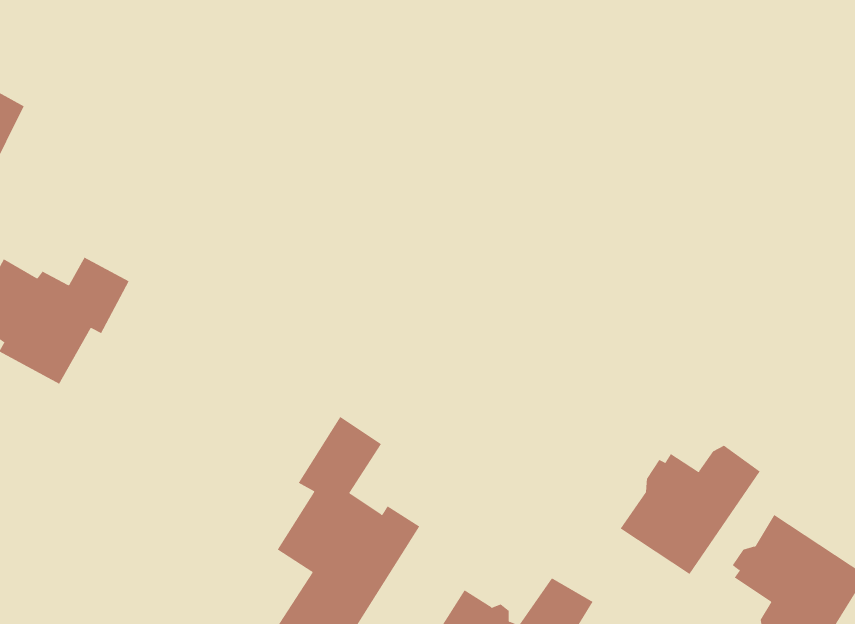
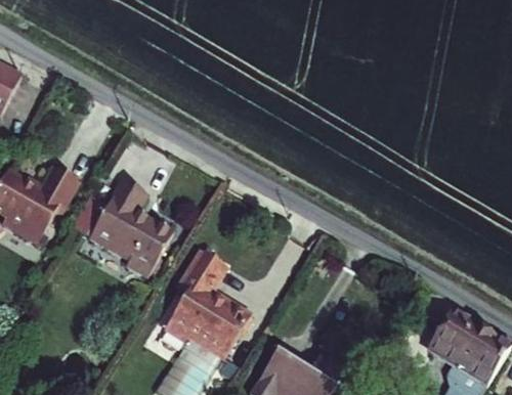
building: none -> [87,181,170,277]
building: [620,445,761,575] -> none

